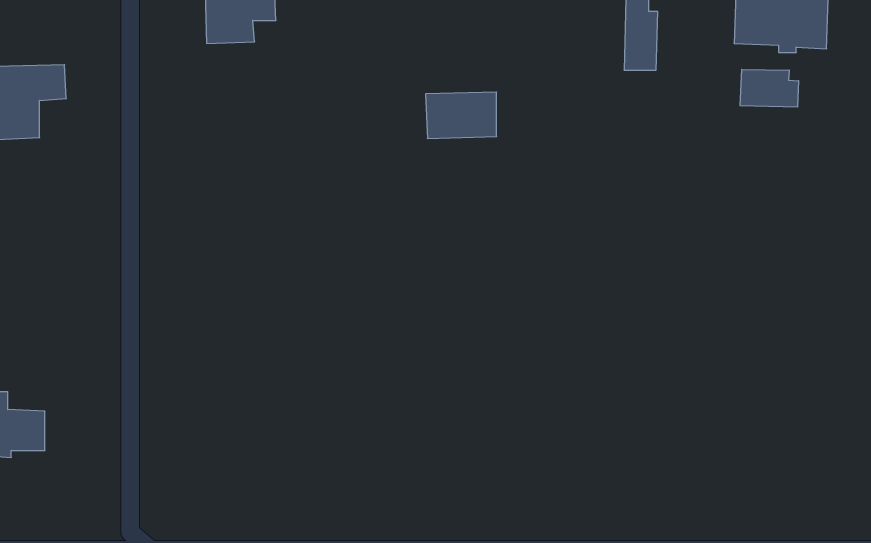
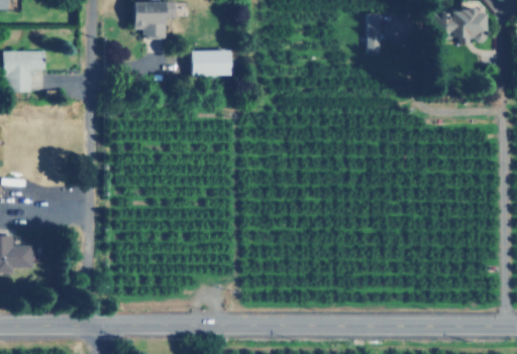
building: [740,69,799,107] -> none
building: [426,92,497,138] -> [197,49,237,76]

